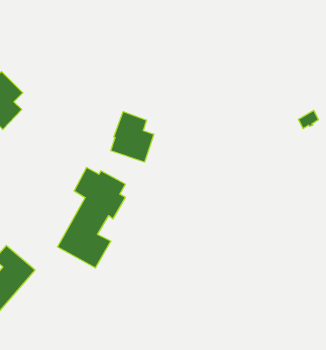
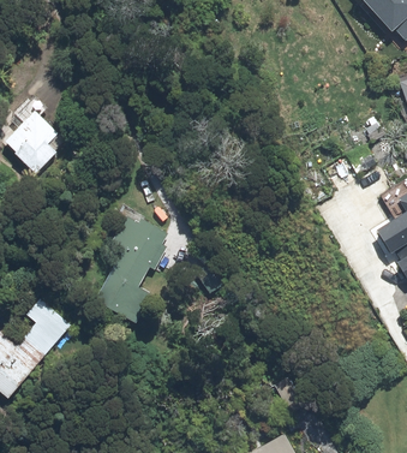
building: [111,112,154,162] -> none

